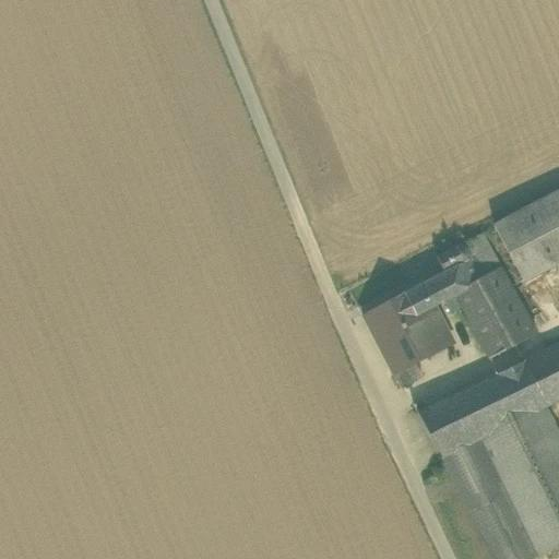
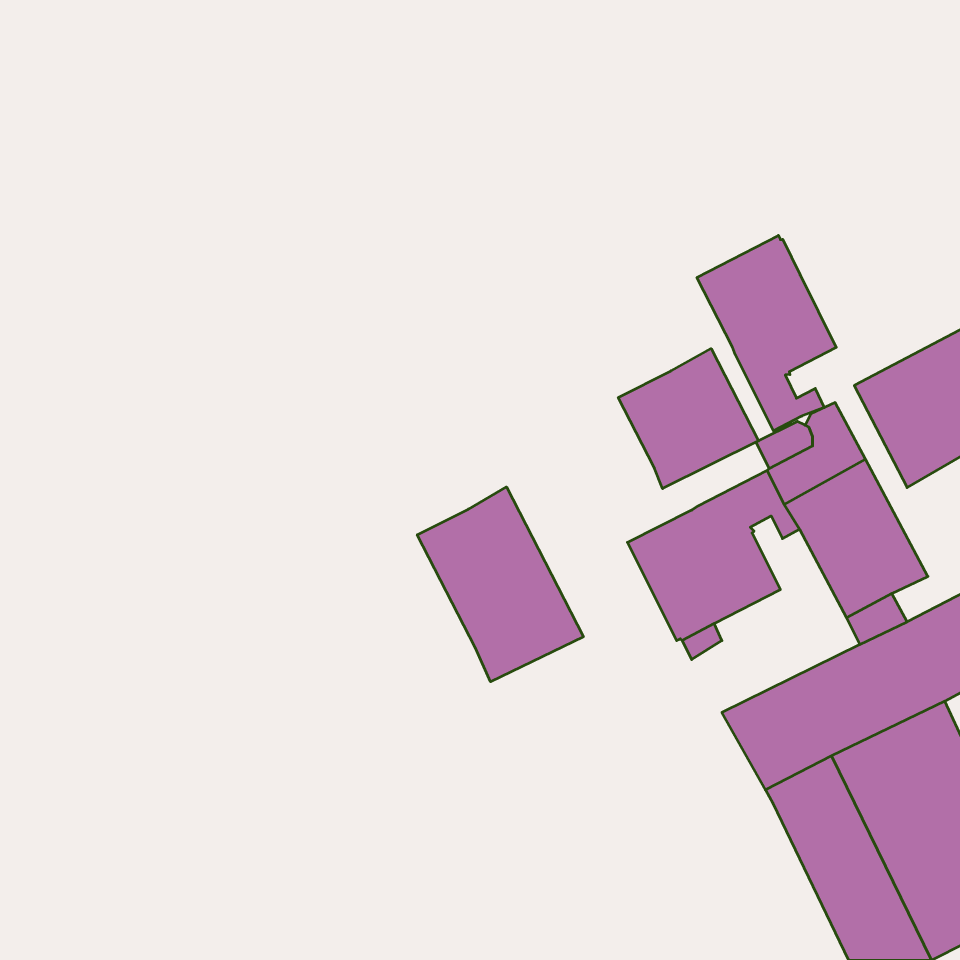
building: none -> [697,235,836,431]
building: none -> [618,349,759,489]
building: none -> [417,487,583,682]

